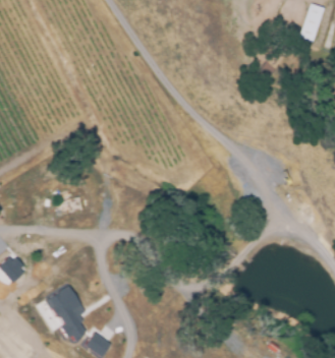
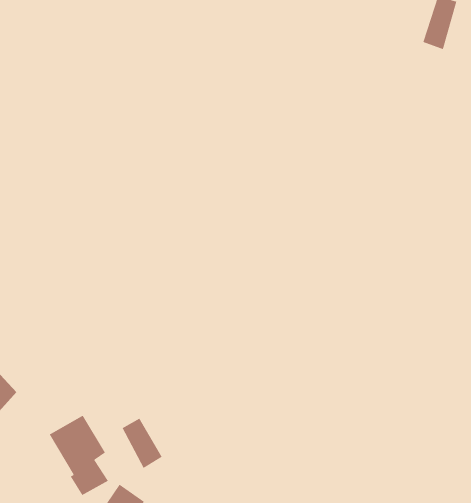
building: none -> [122,418,163,469]

